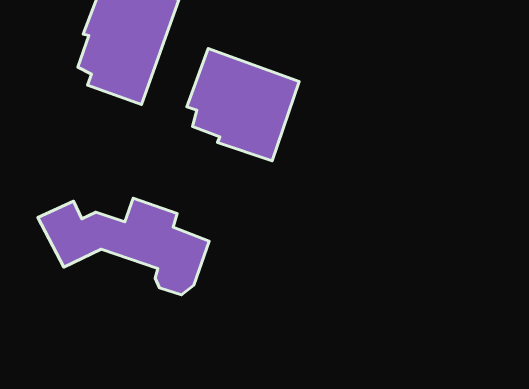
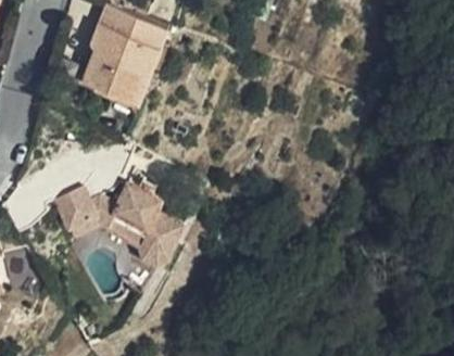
building: [187,48,299,161] -> none

